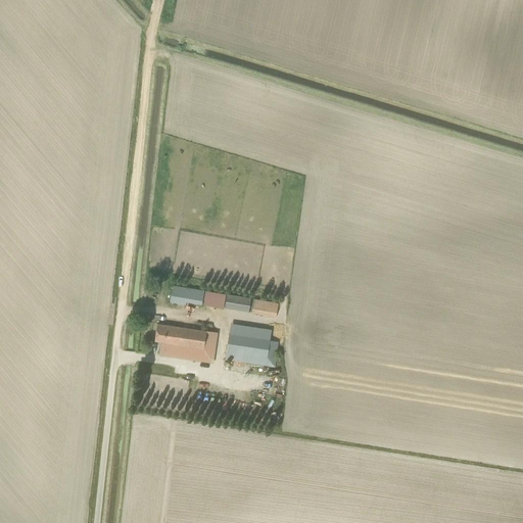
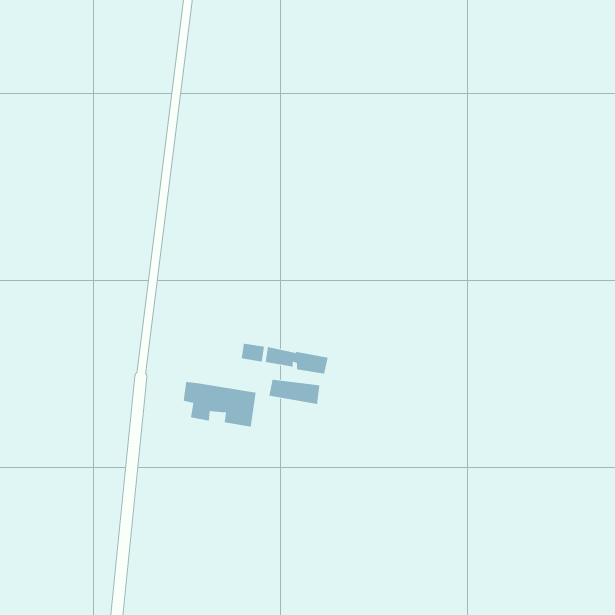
building: [170,285,204,305] -> none
building: [225,336,278,367] -> none

